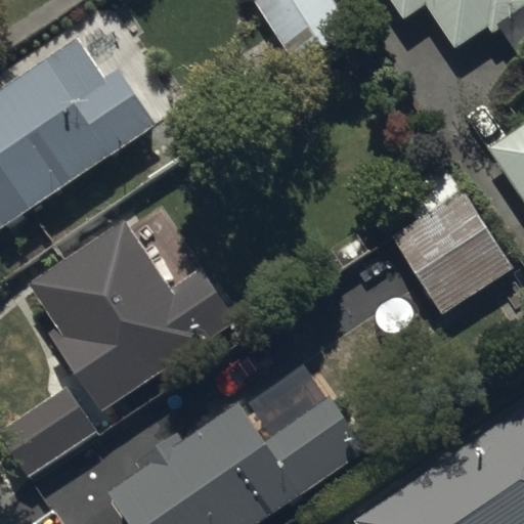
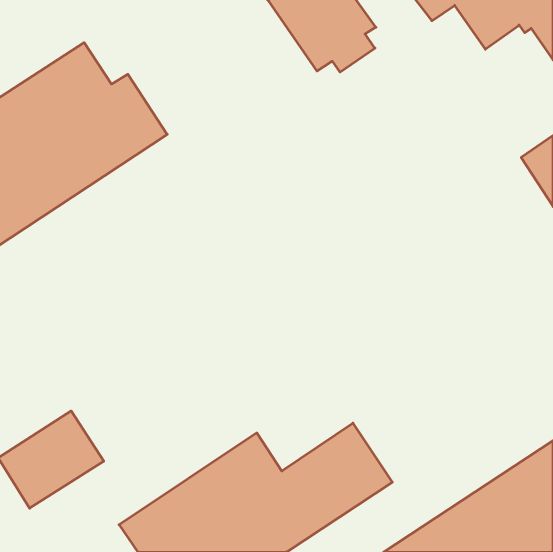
building: [388,162,511,313] -> none
building: [29,219,238,413] -> none

